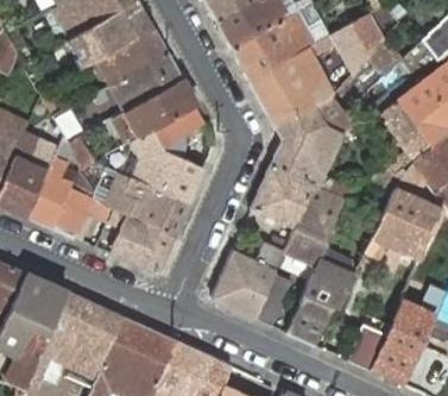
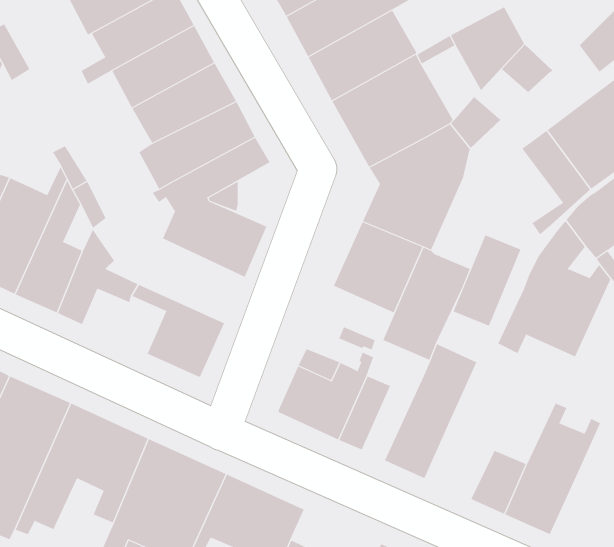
building: [92,171,189,235] -> none
building: none -> [453,234,521,327]

